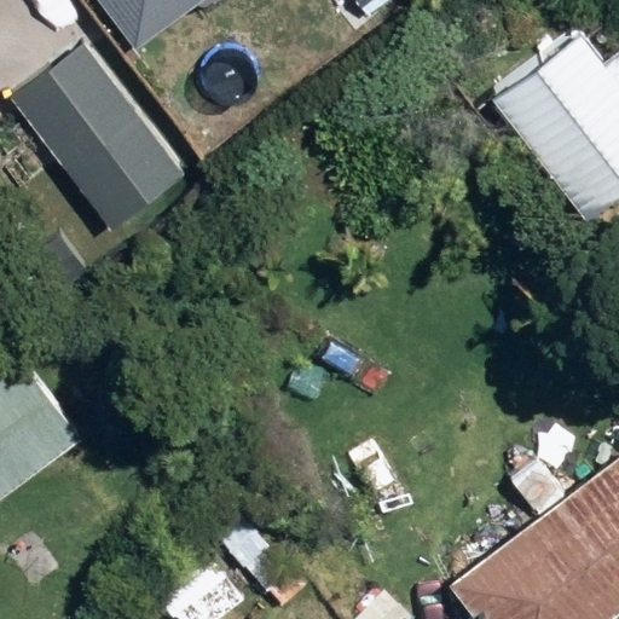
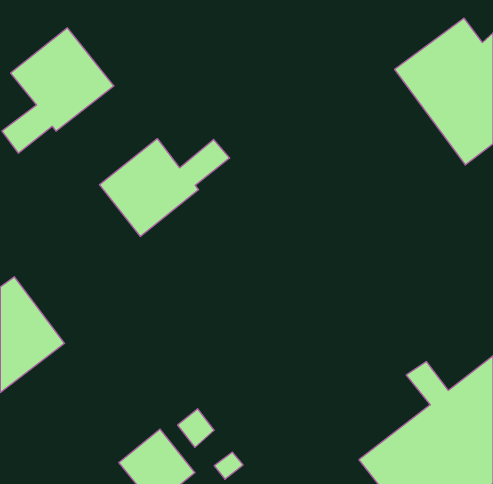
building: none -> [99,139,230,237]

